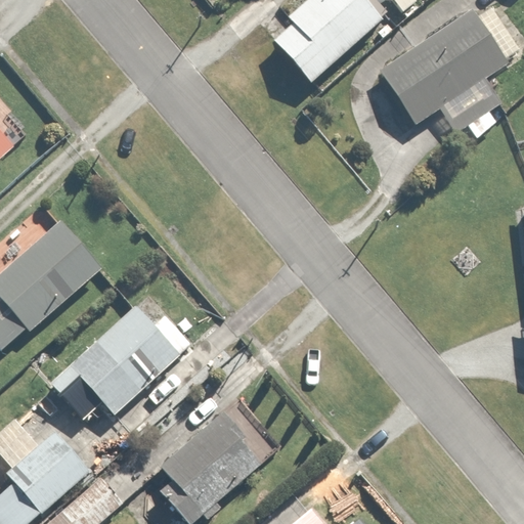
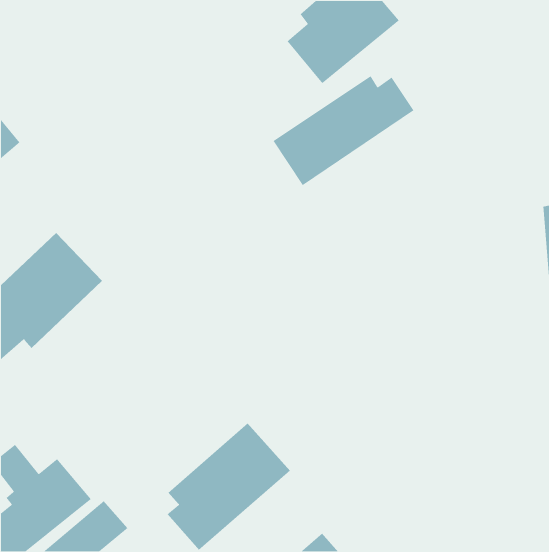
building: [381,12,507,137] -> none
building: none -> [273,75,414,186]
building: [51,305,194,417] -> none

